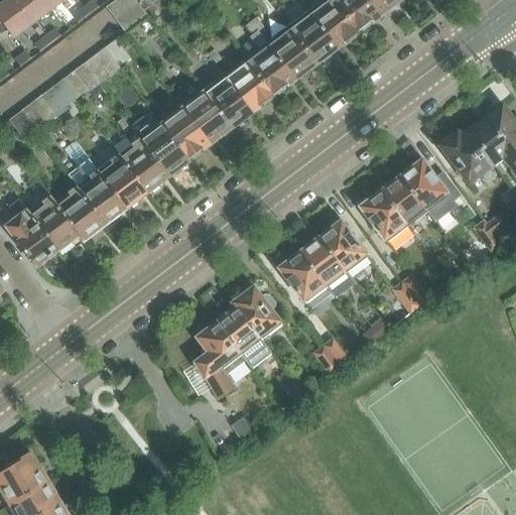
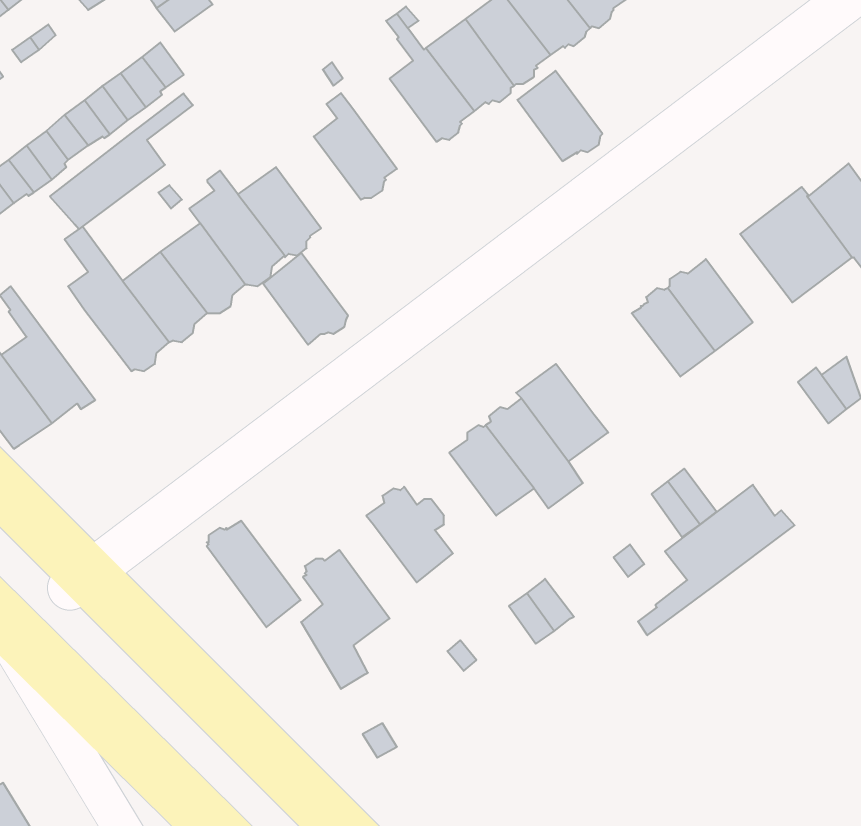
building: [225,58,272,109] -> [517,71,602,161]
building: none -> [50,93,193,229]
building: [182,91,230,142] -> [263,253,348,345]
building: [358,186,408,242] -> none
building: [55,187,102,241] -> none
building: none -> [638,485,795,635]
building: [218,307,270,367] -> [207,521,301,627]

